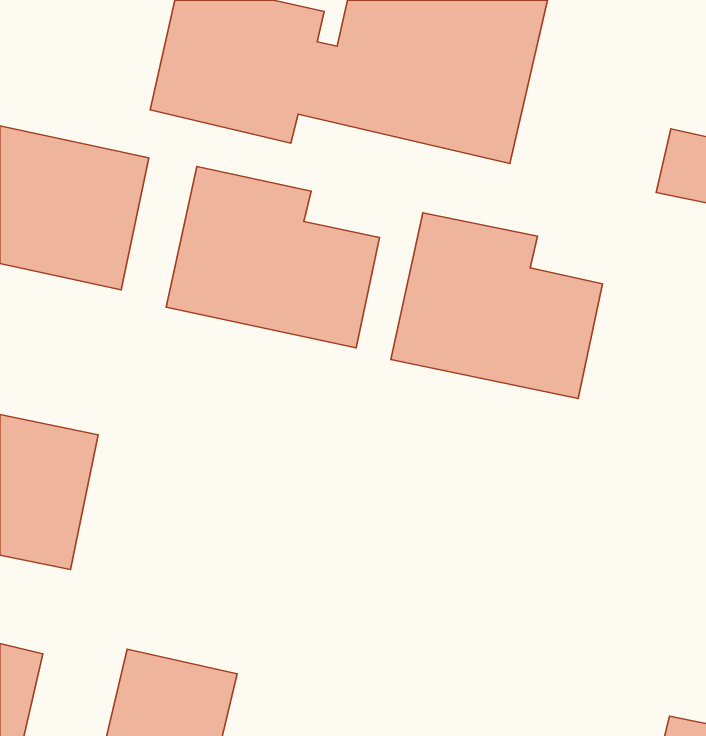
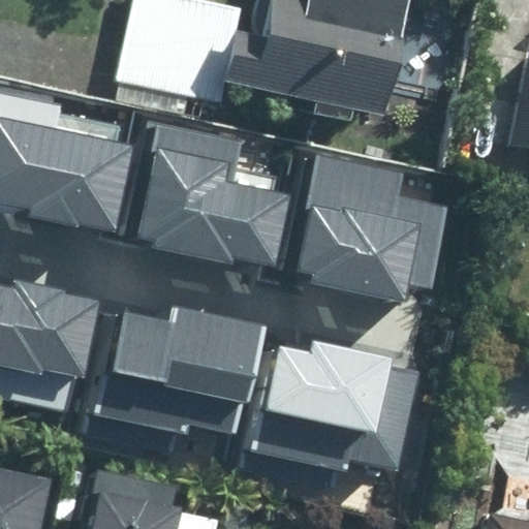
building: none -> [93,310,251,439]
building: none -> [253,349,415,478]

